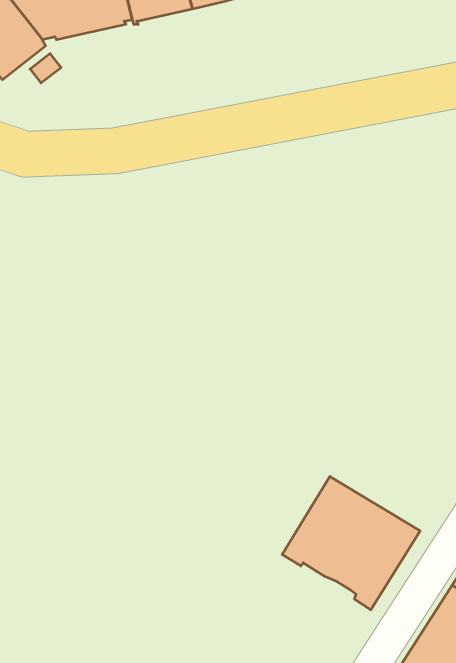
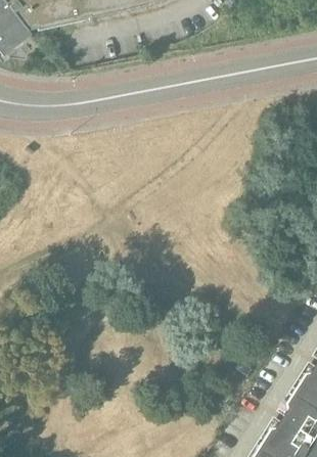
building: [282,476,420,610] -> none

